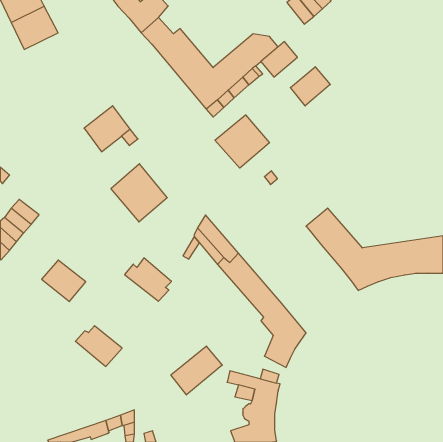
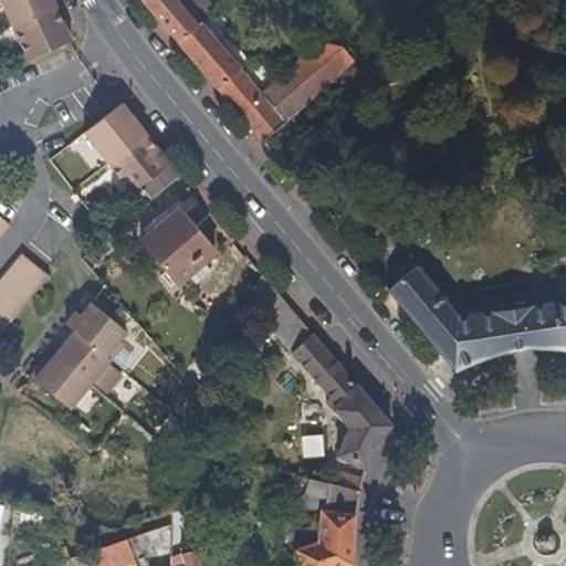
building: [290,67,330,106] -> none
building: none -> [85,105,144,164]
building: [215,115,269,168] -> none
building: [125,258,171,301] -> [66,304,126,359]
building: [75,326,122,366] -> [29,356,88,408]
building: [171,346,222,395] -> none

